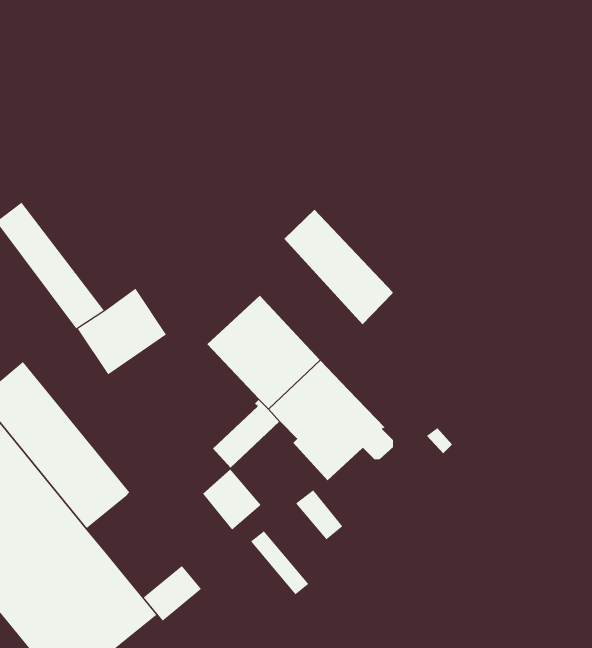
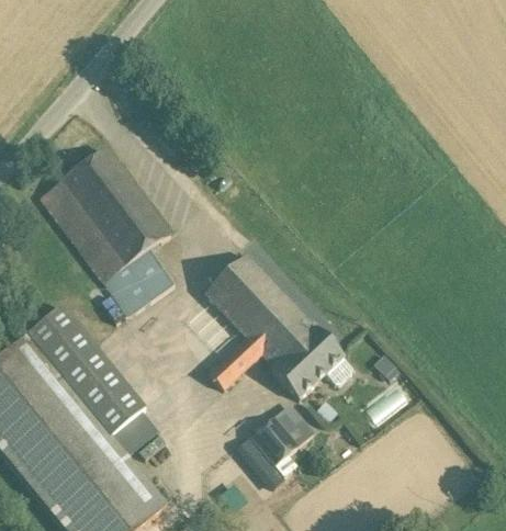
building: none -> [60,148,170,266]
building: [283,209,393,325] -> none
building: [202,468,261,530] -> [251,416,297,464]
building: [143,565,202,621] -> [111,410,157,454]

